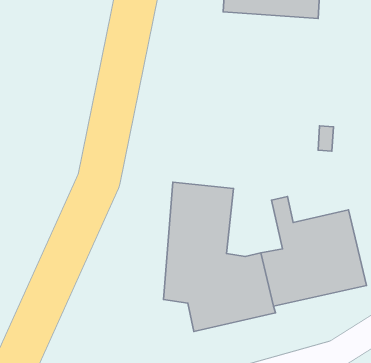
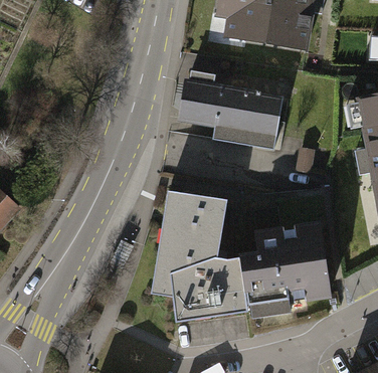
building: none -> [176,80,278,150]

